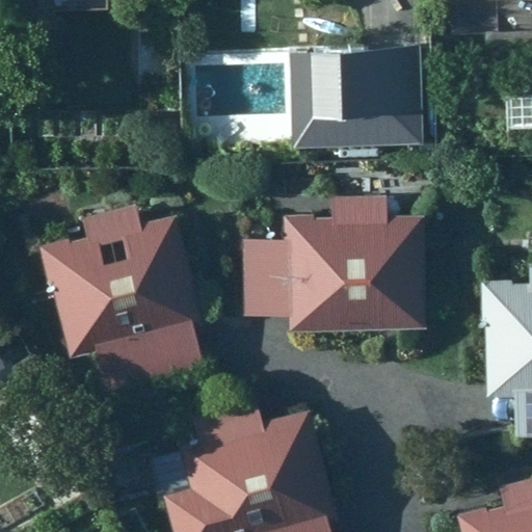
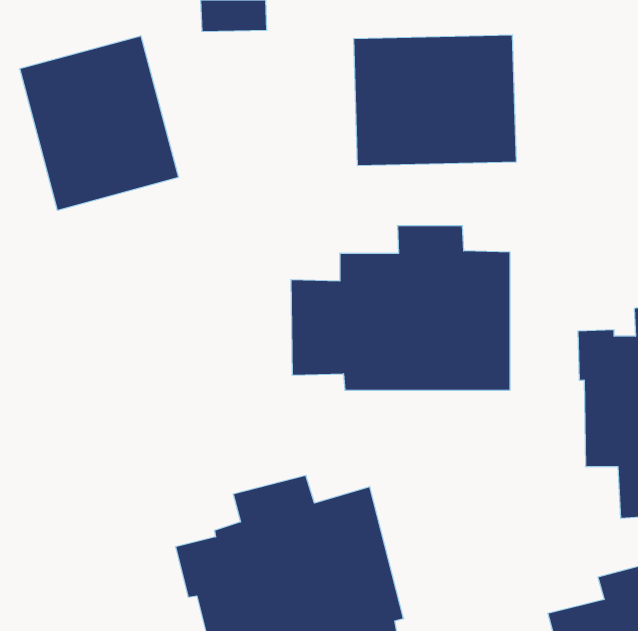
building: none -> [20,36,179,210]
building: [26,206,203,390] -> none

